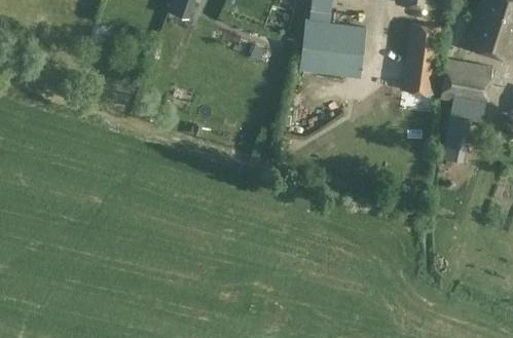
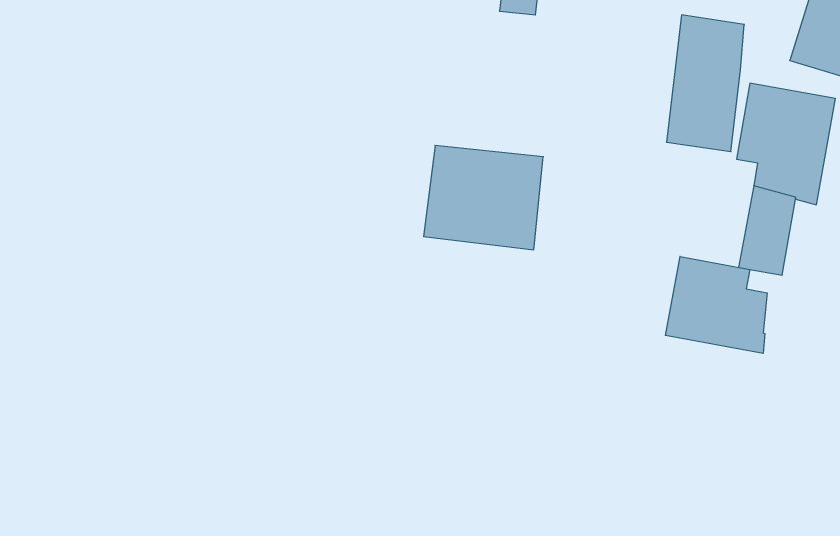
building: [300,22,365,78] -> [424,145,543,250]
building: none -> [665,256,767,353]

